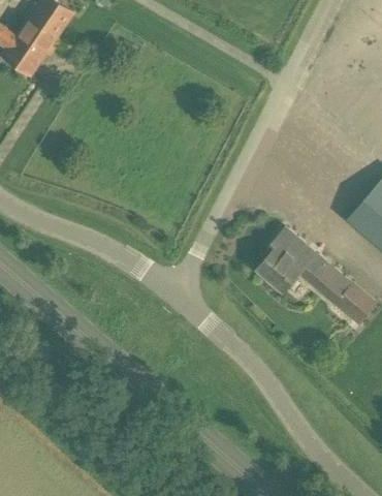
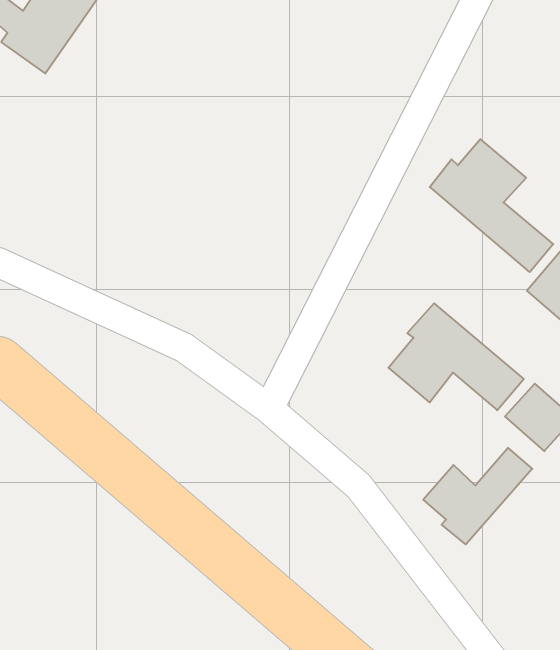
building: none -> [430,139,553,272]
building: none -> [423,448,532,544]

